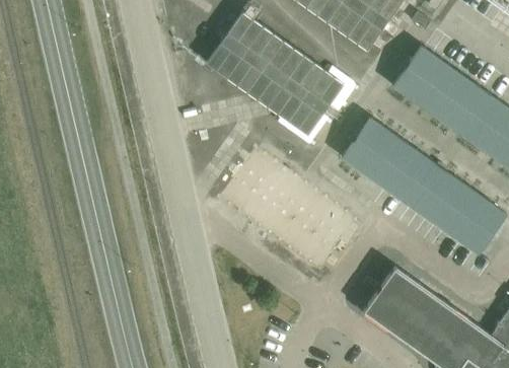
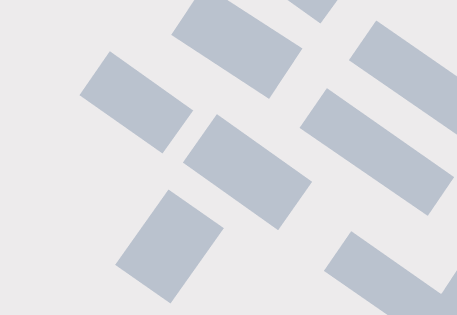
building: none -> [78,50,194,155]
building: none -> [114,188,225,305]

